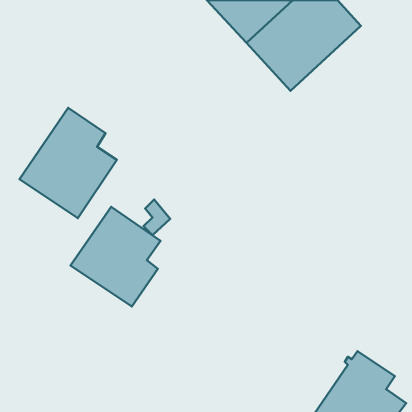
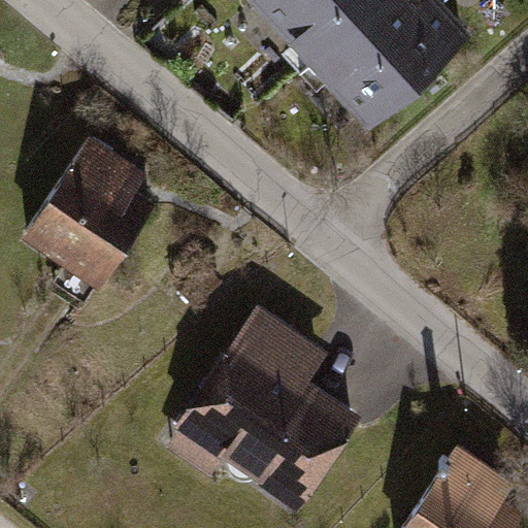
building: [71,207,160,307] -> none
building: none -> [191,311,351,497]

